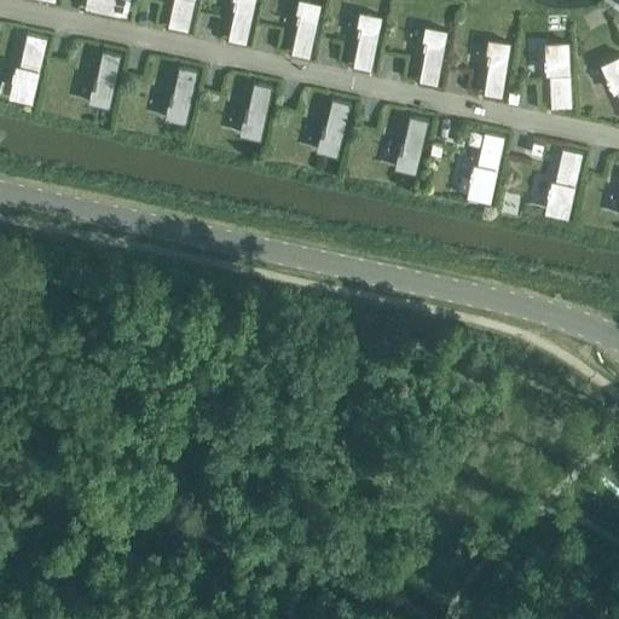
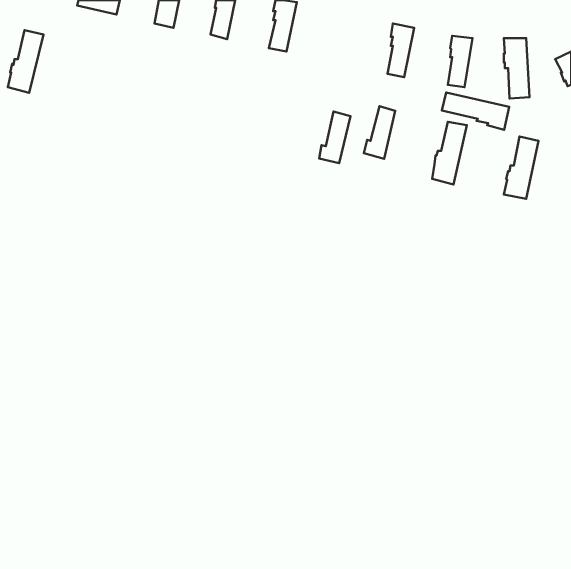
building: [352,13,381,70] -> none
building: [87,52,120,108] -> none
building: [163,68,196,123] -> none
building: [238,83,271,140] -> none
building: [316,100,349,156] -> [319,112,350,163]
building: none -> [442,93,509,130]

